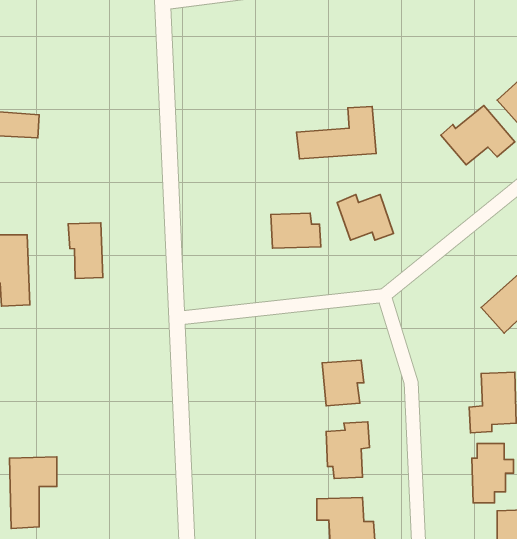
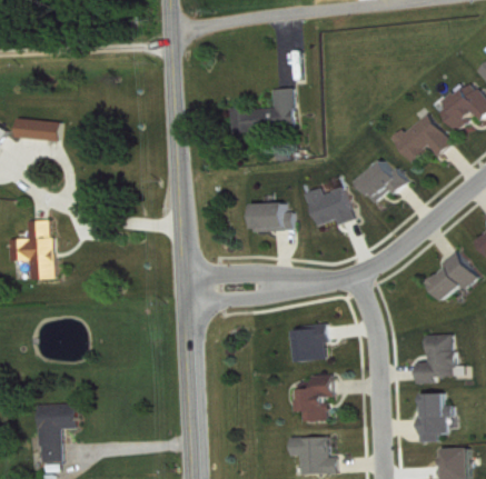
building: [297,106,376,159] -> [230,88,296,131]
building: none -> [357,160,407,202]
building: [68,223,103,279] -> none

